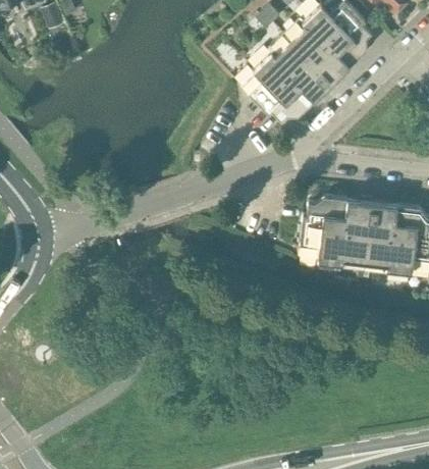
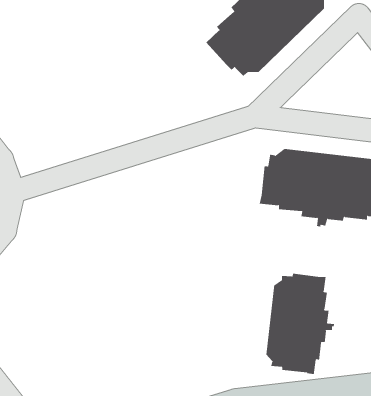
building: none -> [266,273,334,375]

